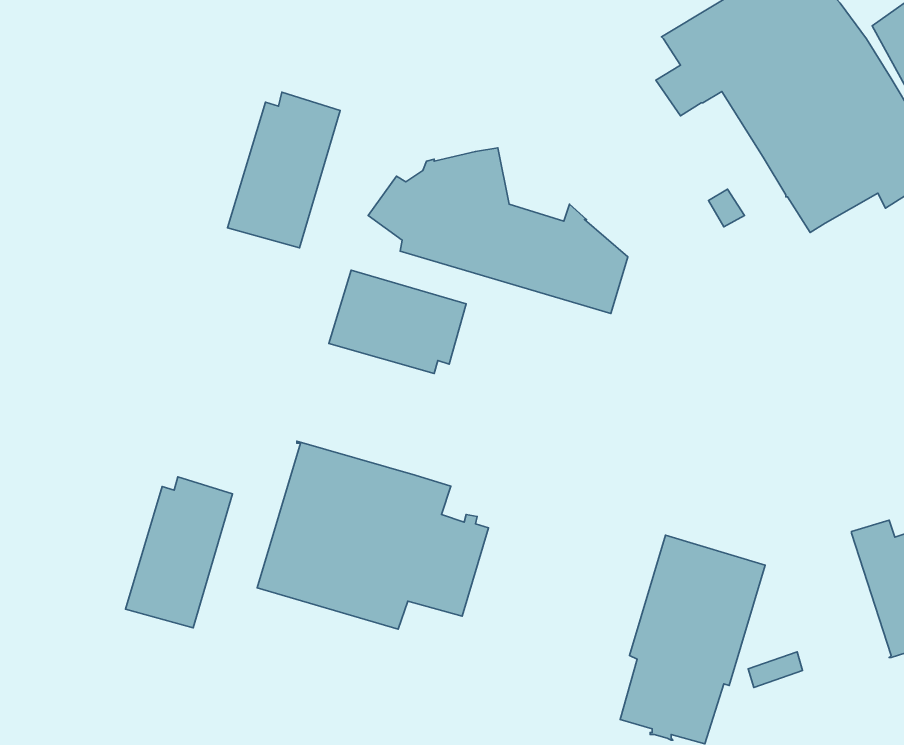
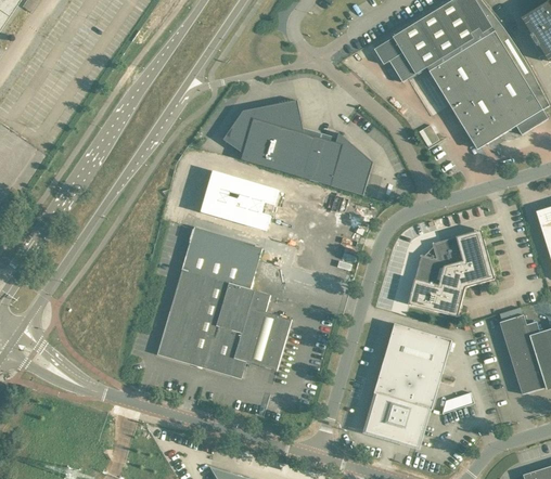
building: [228,92,340,248] -> none
building: none -> [181,229,261,288]
building: none -> [408,230,495,316]
building: [125,477,233,628] -> none

